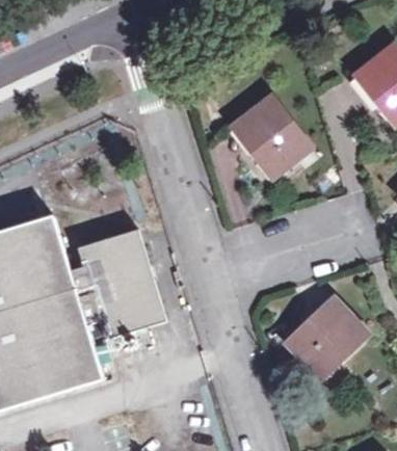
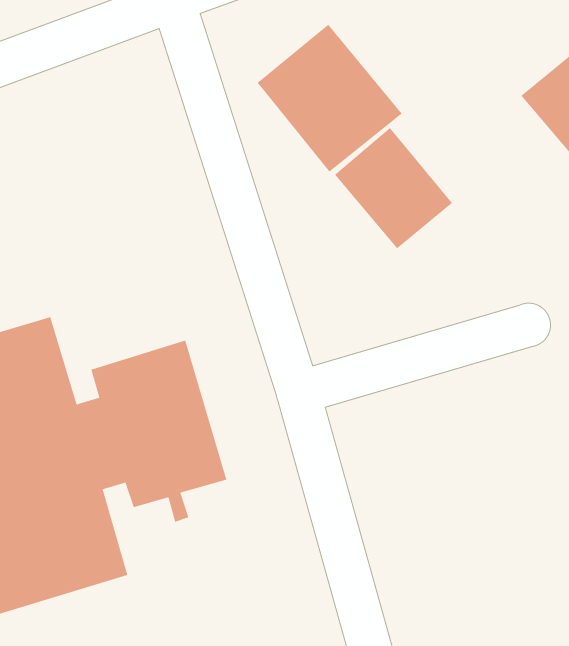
building: none -> [257,24,403,173]
building: [288,294,362,368] -> none

